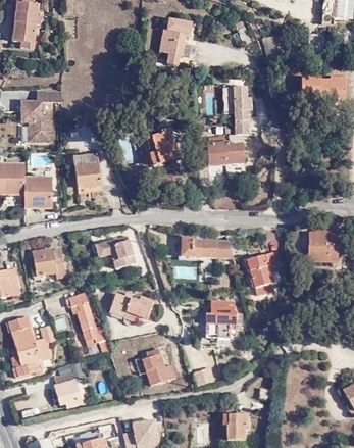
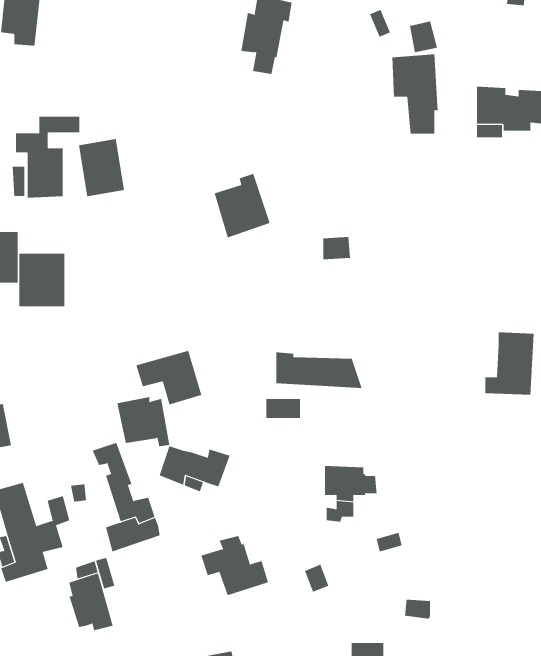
building: [221,85,250,134] -> [392,54,438,134]
building: [206,142,245,163] -> none
building: [72,152,101,188] -> [78,138,125,197]
building: [32,247,64,278] -> [117,397,170,447]
building: [246,250,283,294] -> none

